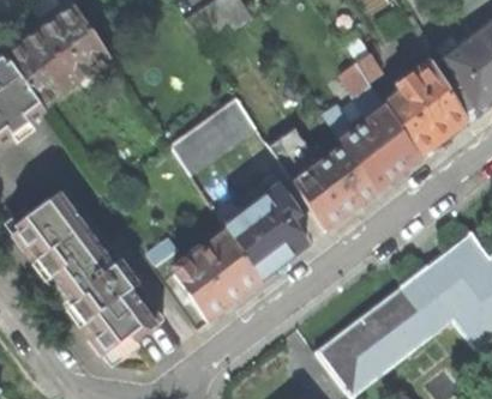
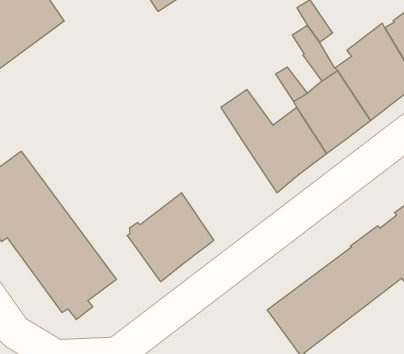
building: [168,96,254,175] -> none
building: [224,179,308,279] -> none

